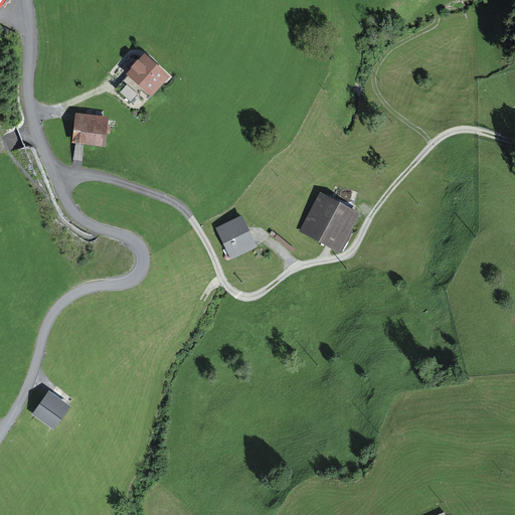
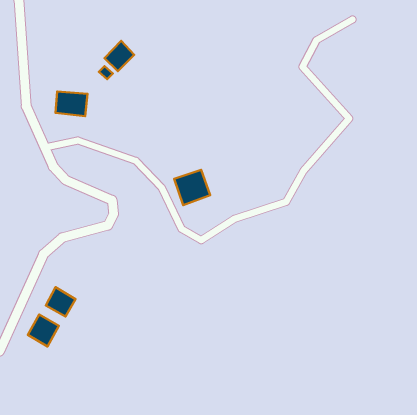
building: [298,194,356,250] -> none
building: none -> [46,287,75,317]

